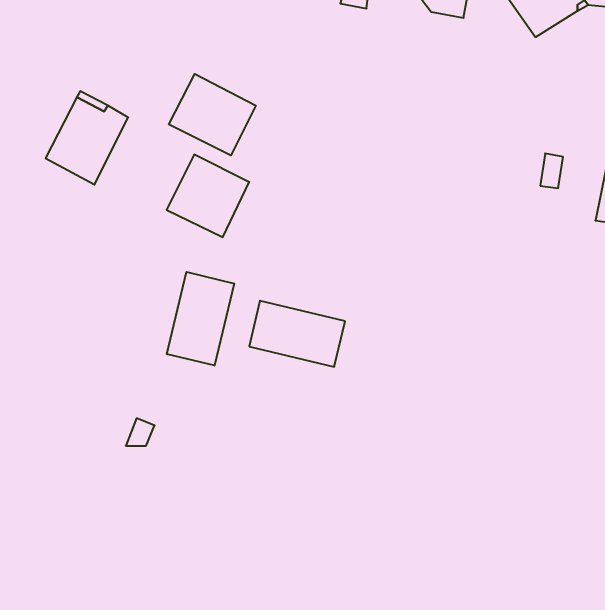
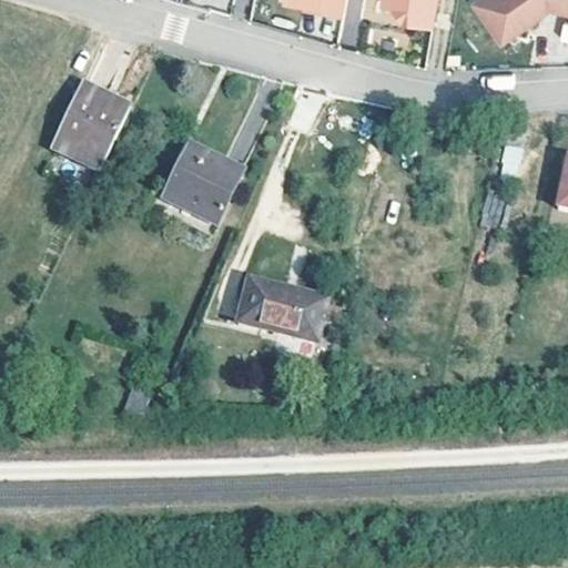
building: [169,74,256,155] -> none
building: [167,272,234,366] -> none

